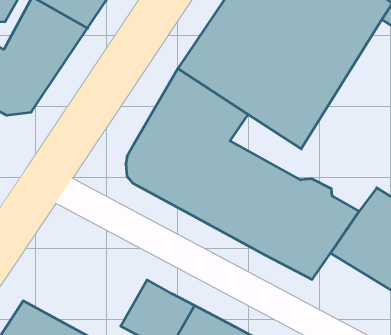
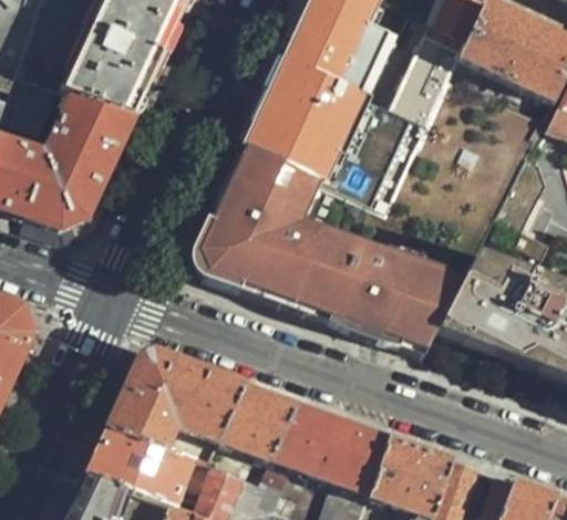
building: none -> [110,356,243,450]

